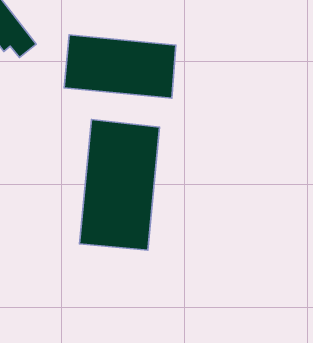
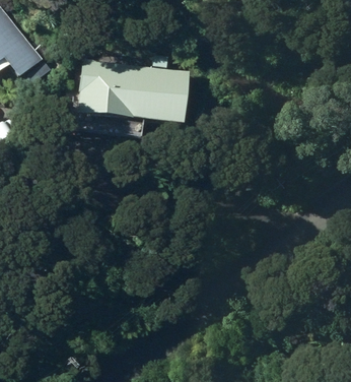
building: [80,119,160,250] -> none

